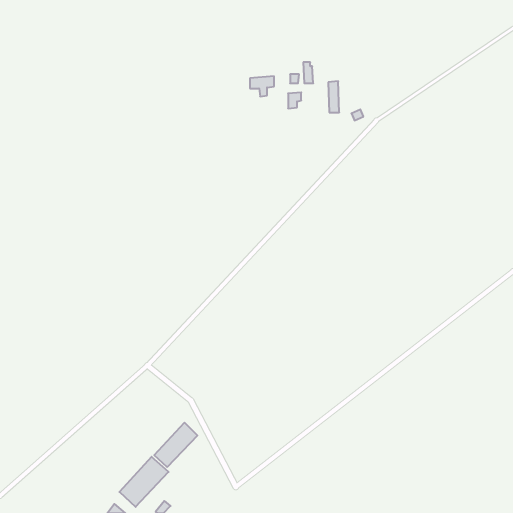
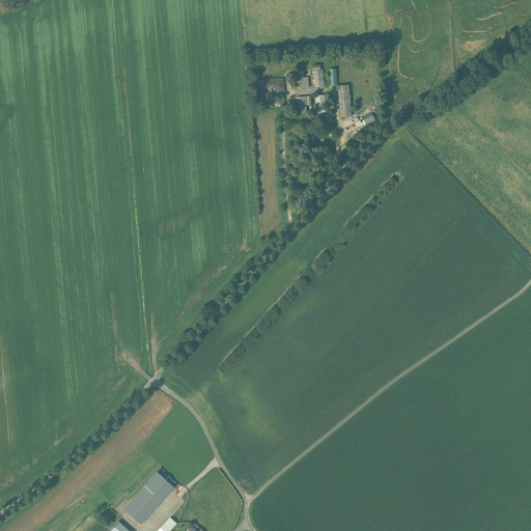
building: [154,423,197,467] -> none

